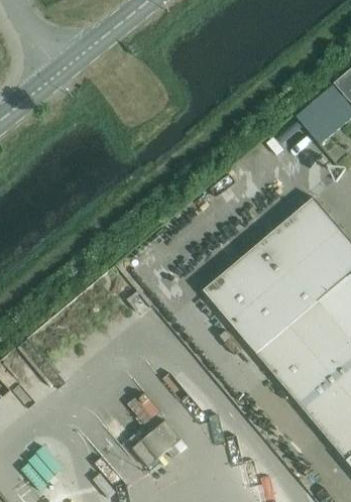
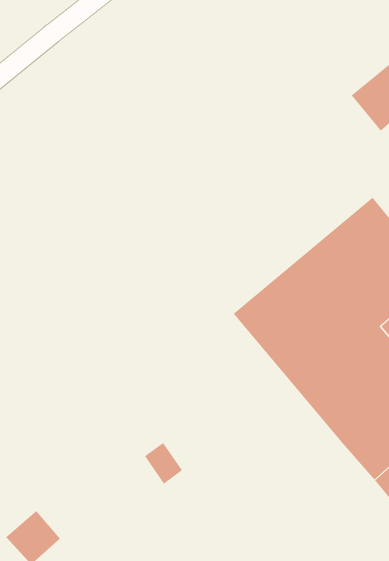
building: [133,420,182,468] -> none

